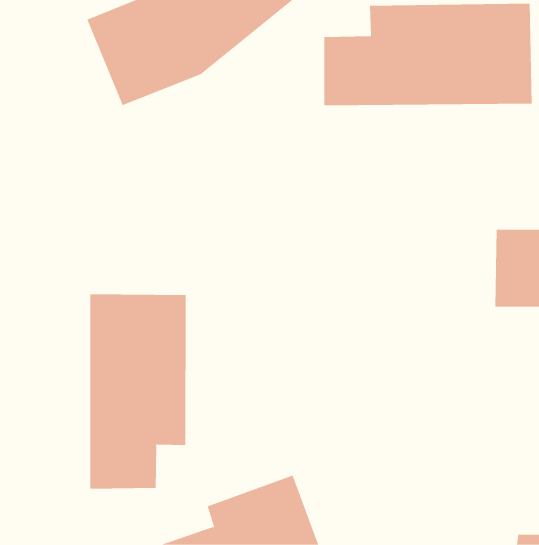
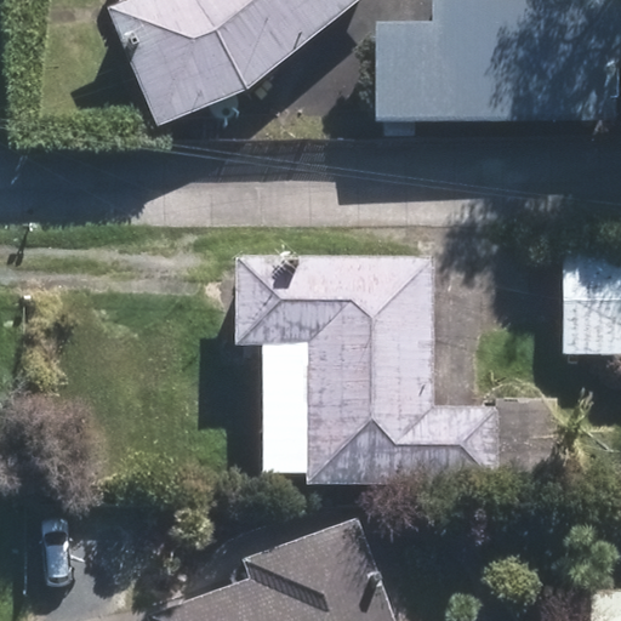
building: none -> [243,274,478,473]
building: [90,294,186,489] -> none

